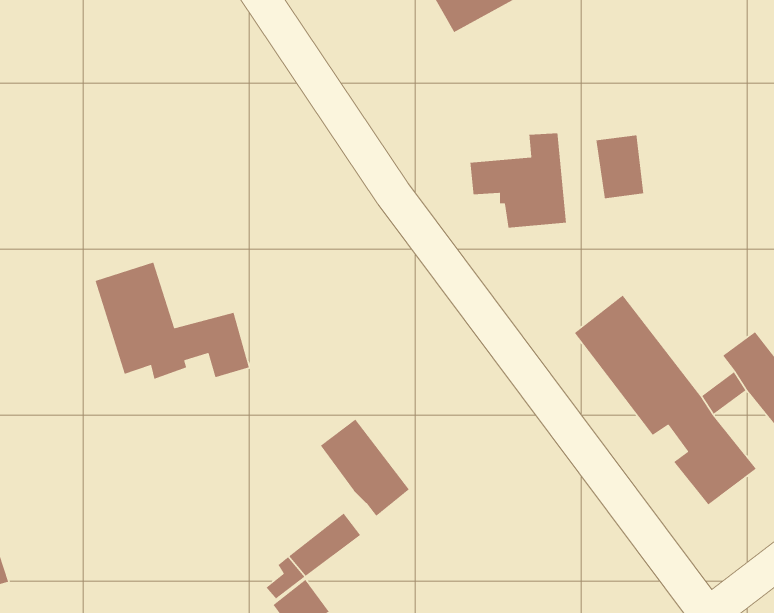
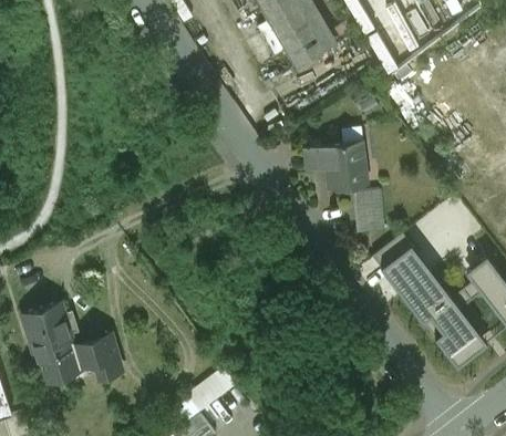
building: [595,135,644,199] -> [353,193,384,233]
building: [95,261,250,380] -> [22,303,121,378]
building: [320,419,410,517] -> none

